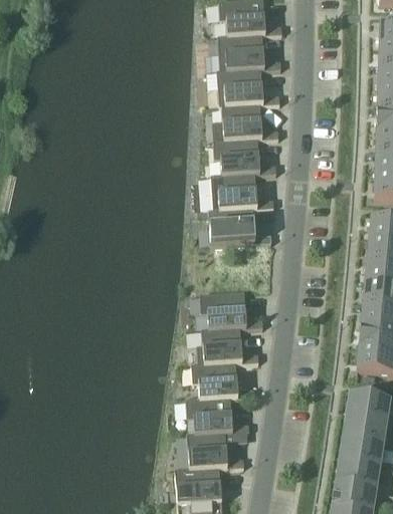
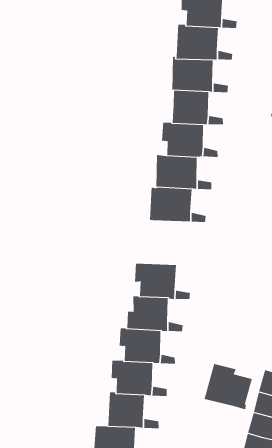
building: none -> [204,363,252,410]

